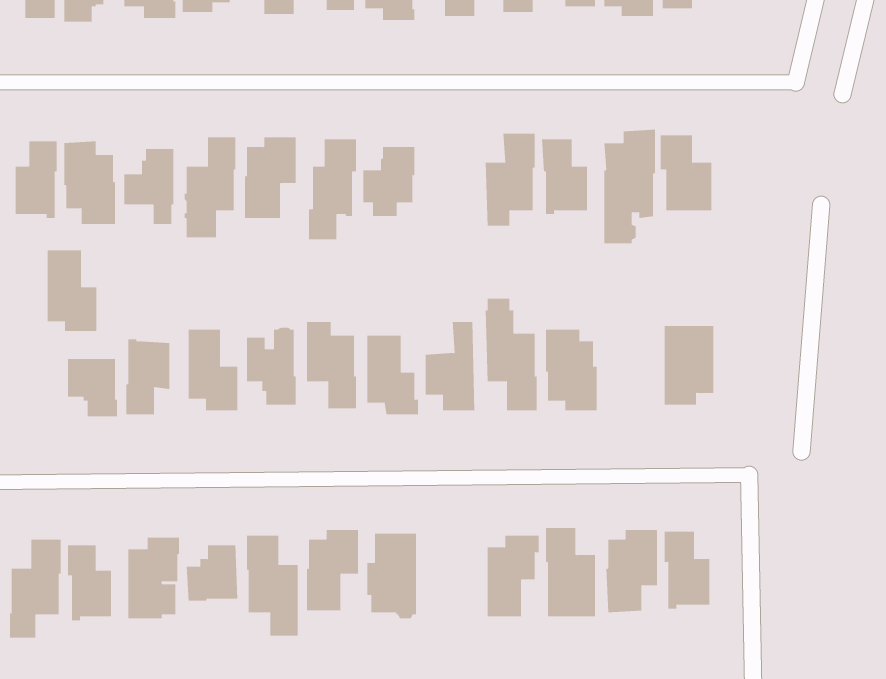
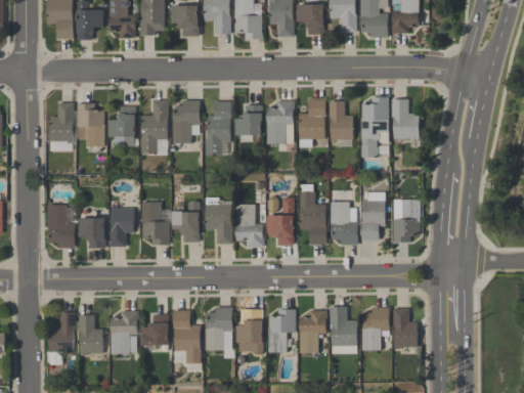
building: none -> [267,101,295,144]
building: [47,250,97,331] -> [48,205,75,248]
building: none -> [361,192,385,241]
building: none -> [268,309,296,353]

